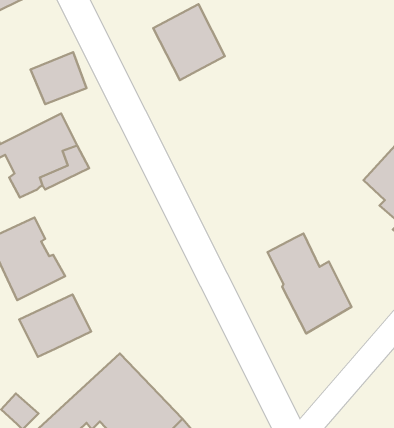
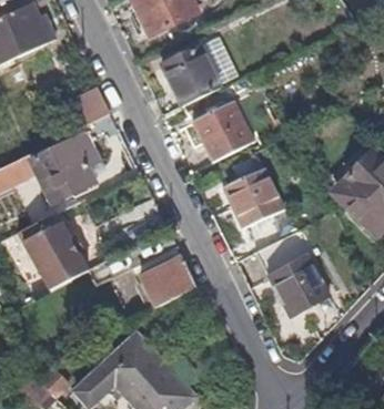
building: none -> [192,100,256,162]
building: none -> [225,170,283,227]
building: [19,294,91,357] -> [137,256,196,308]

